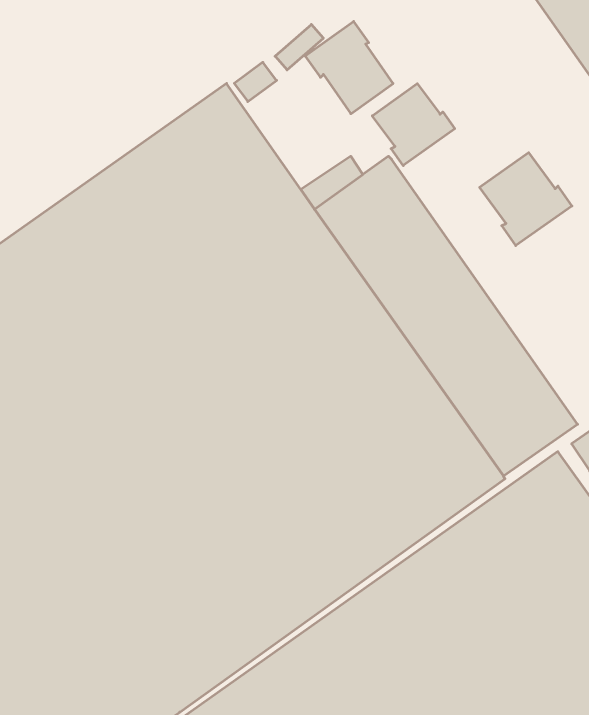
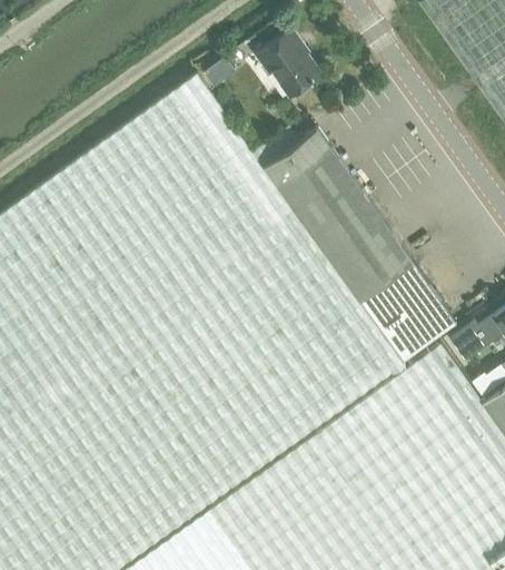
building: [372,84,455,166] -> none
building: [480,153,572,246] -> none

